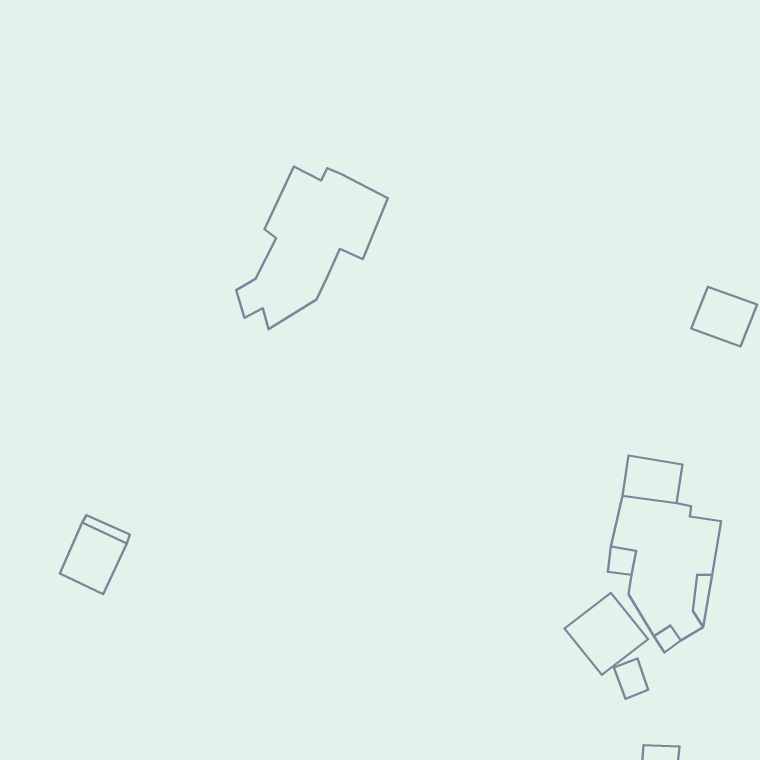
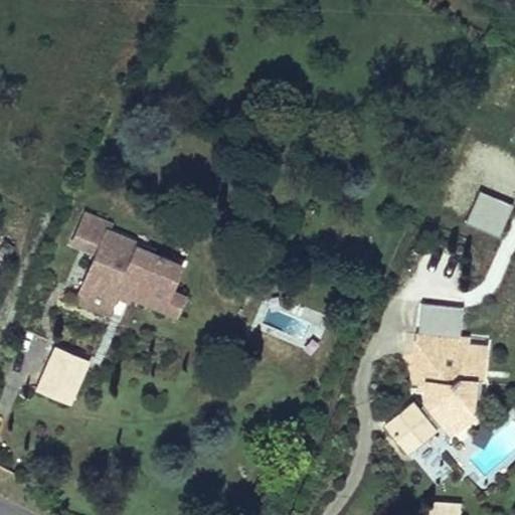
building: [236,166,388,329] -> none
building: none -> [77,213,180,316]

